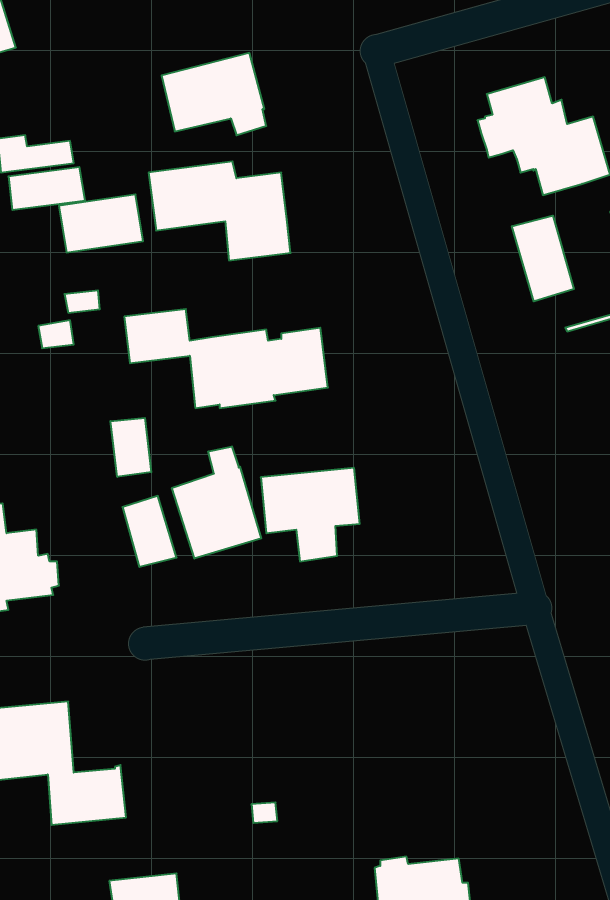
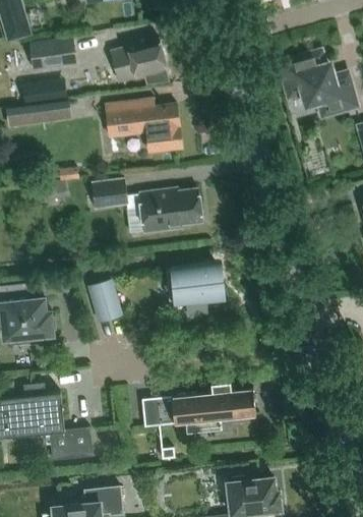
building: [59,194,143,252] -> [31,39,76,70]
building: [512,216,574,301] -> none
building: [110,418,151,477] -> none
building: [172,446,261,559] -> none
building: none -> [156,382,256,430]

